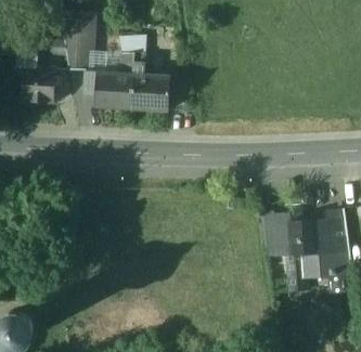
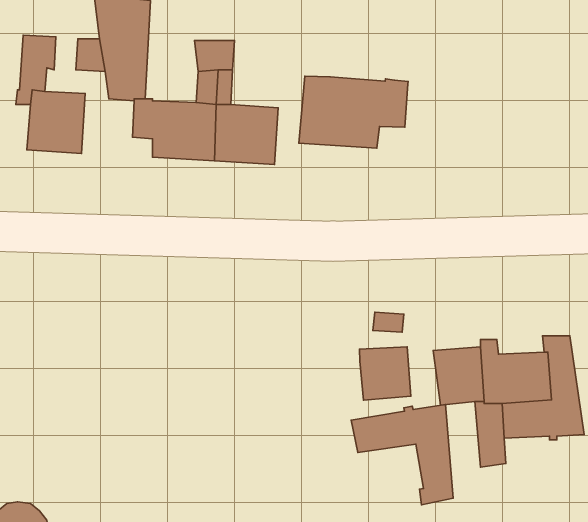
building: none -> [299,76,408,148]
building: none -> [360,347,411,400]
building: none -> [351,405,453,505]

